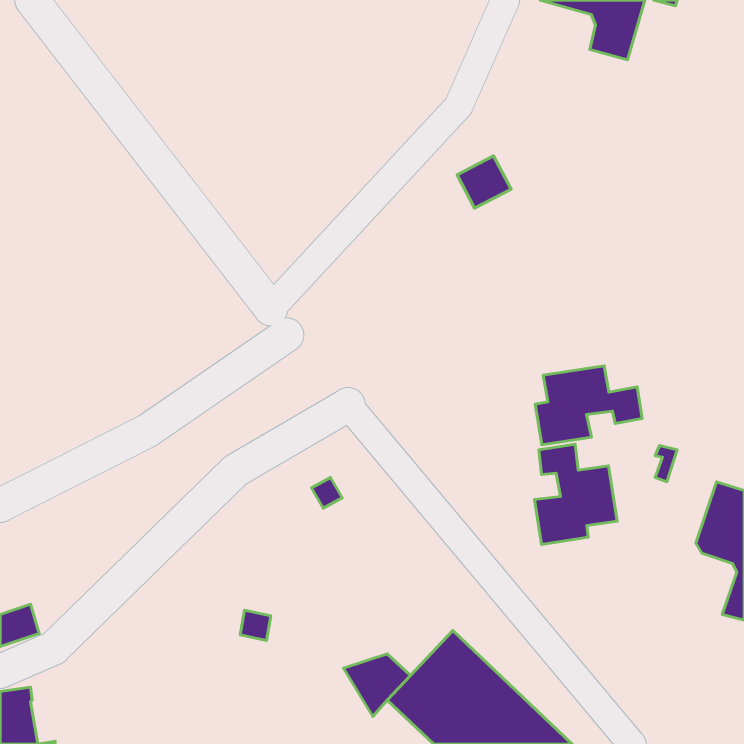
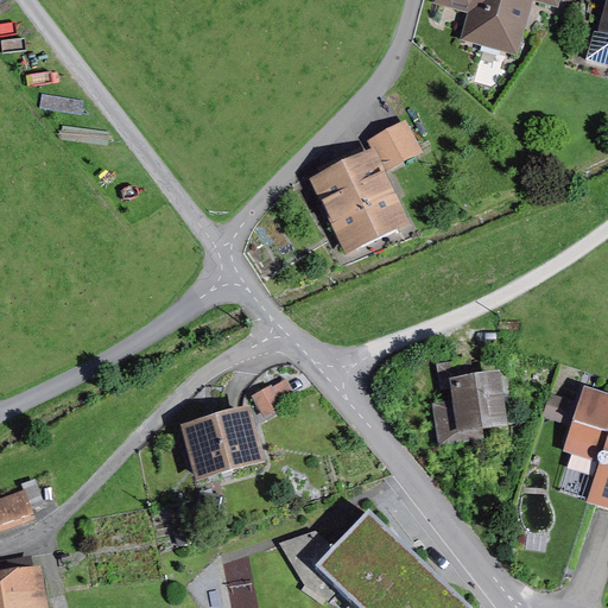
building: none -> [317,152,404,248]
building: [535,366,642,445] -> none
building: none -> [189,417,256,477]

